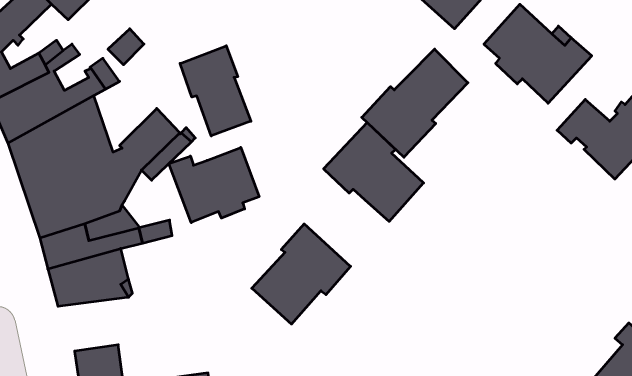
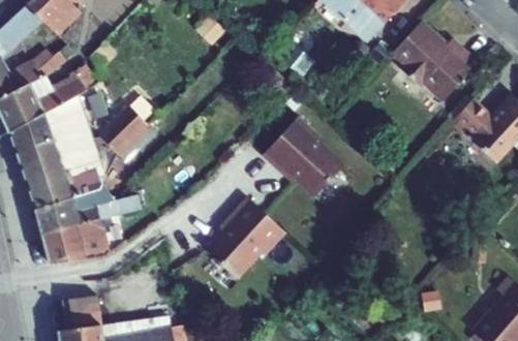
building: [180,46,251,136] -> none
building: [362,49,468,157] -> none
building: [169,147,259,223] -> none

